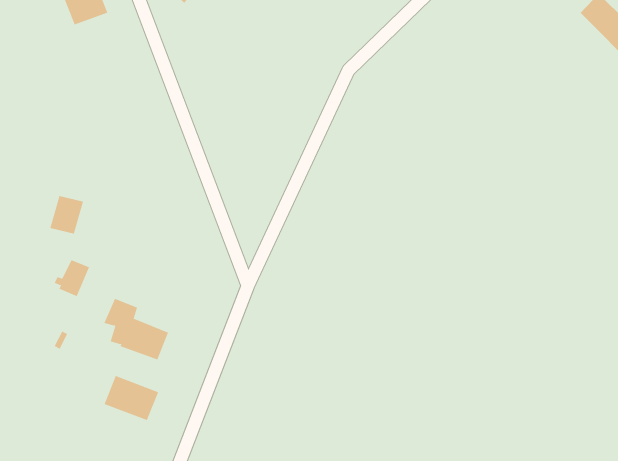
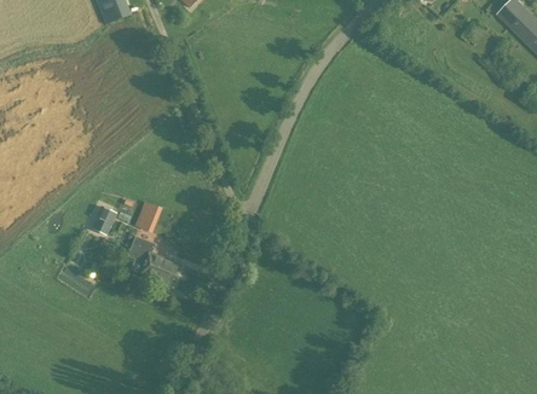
building: [50,195,84,234] -> [138,199,164,230]
building: [104,375,159,421] -> none

